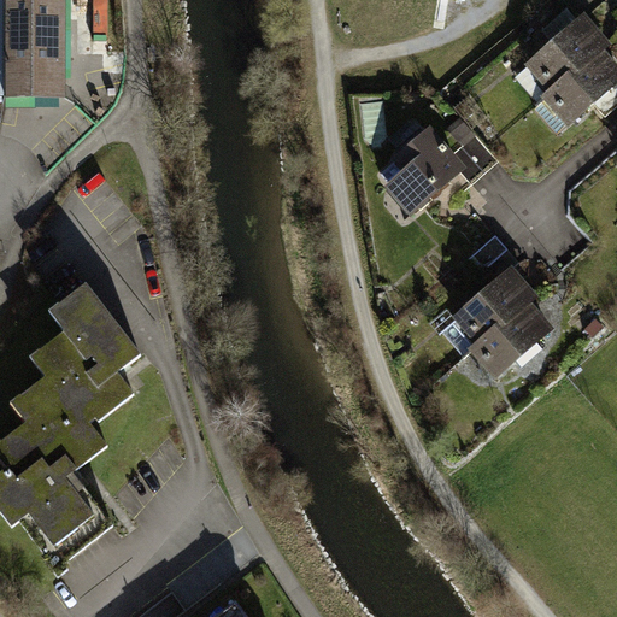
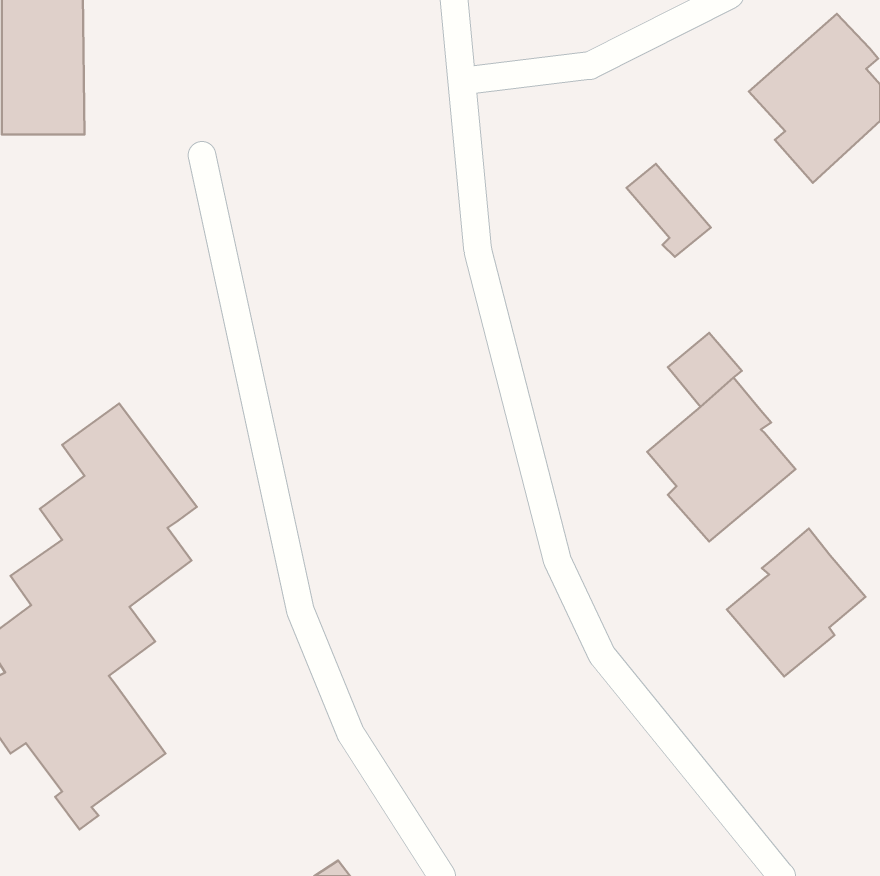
building: [383,125,468,213] -> none
building: none -> [727,528,866,676]

